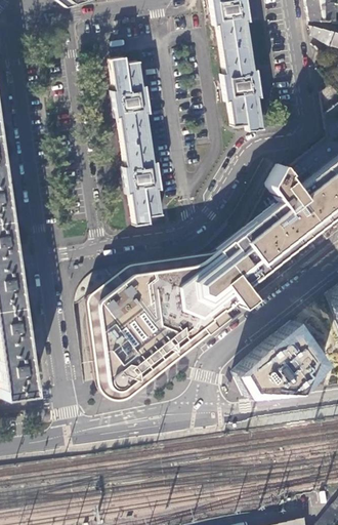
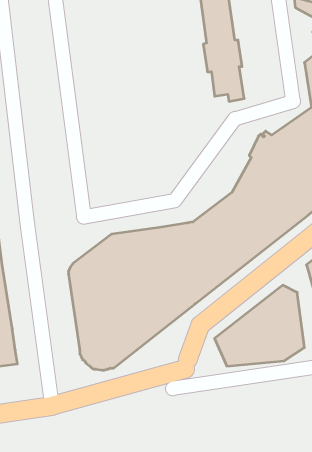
building: [111,55,164,224] -> none

